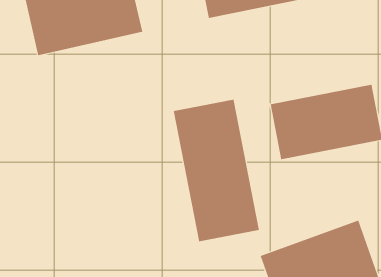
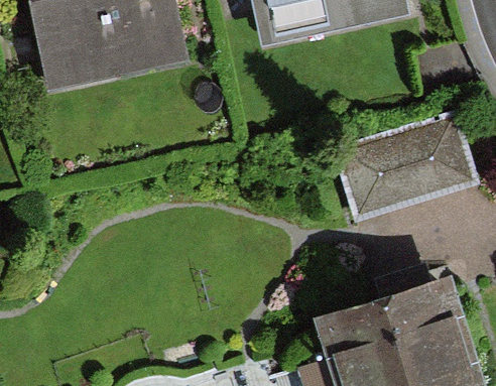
building: [173,99,259,242] -> none

